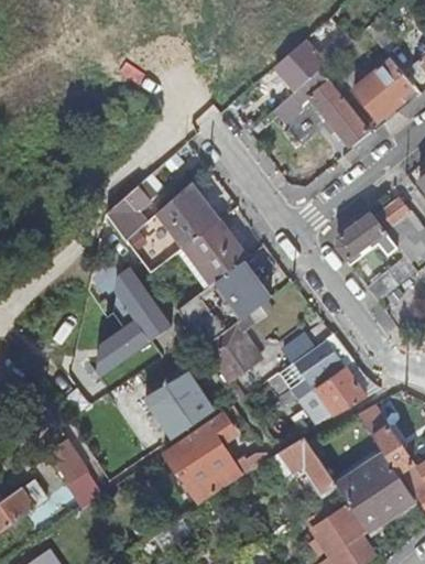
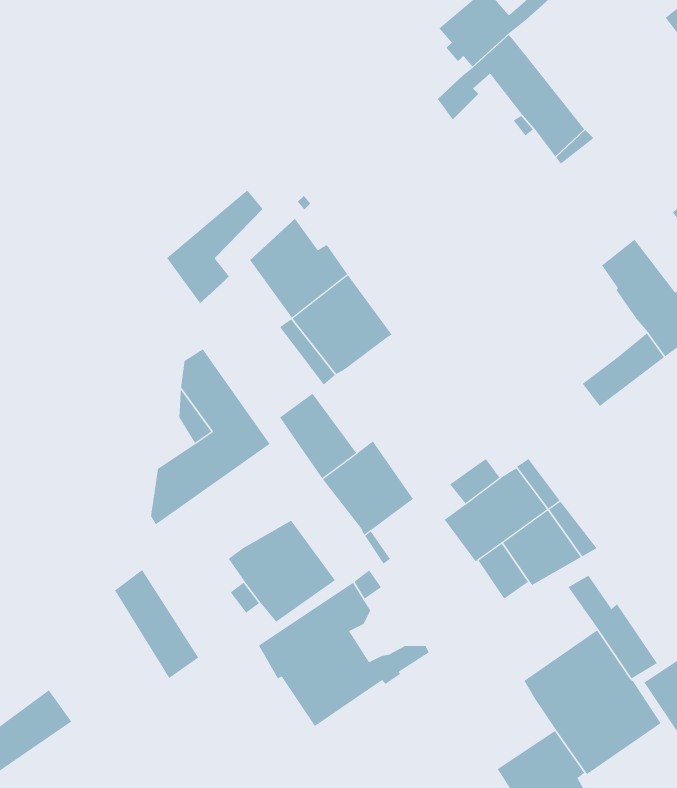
building: [353,61,413,121] -> none
building: [337,213,400,269] -> none
building: [218,260,272,317] -> none
building: [280,437,336,494] -> none
building: [50,438,102,507] -> [114,569,199,679]

